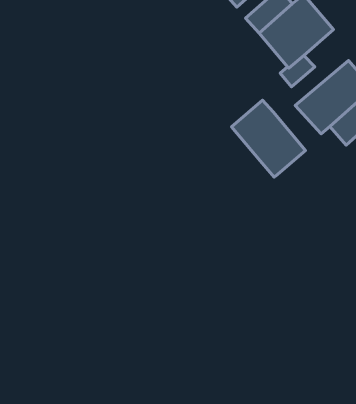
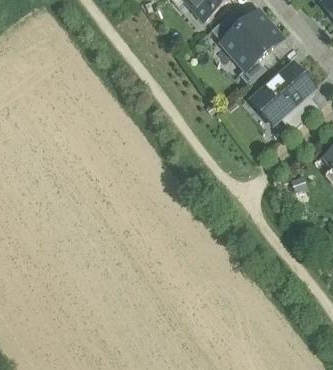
building: [231,100,305,177] -> none

